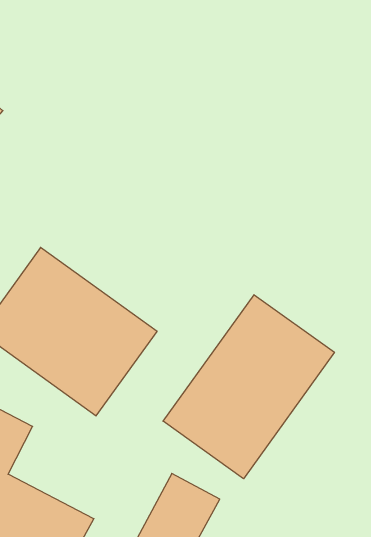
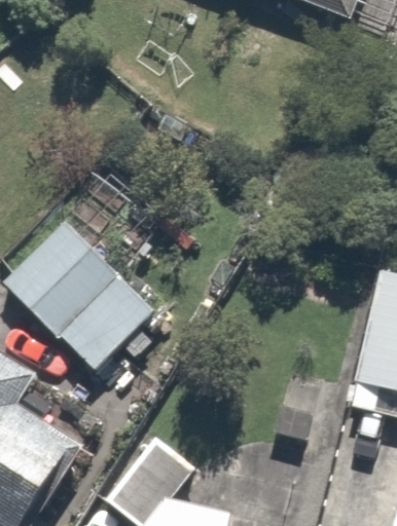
building: [163,295,334,479] -> none

